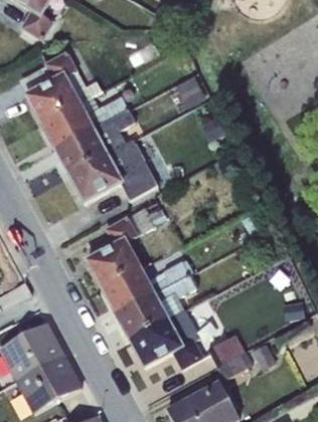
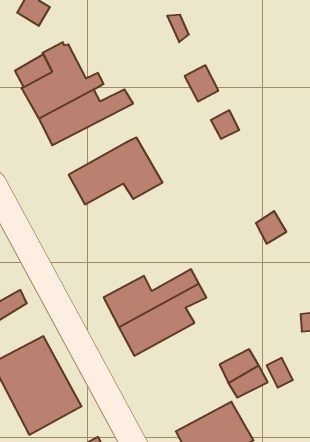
building: [54,110,136,175] -> none
building: [87,202,167,287] -> none
building: [130,310,203,369] -> none

